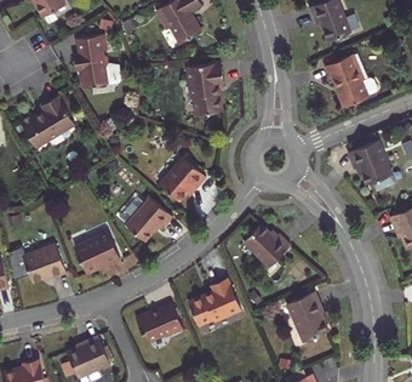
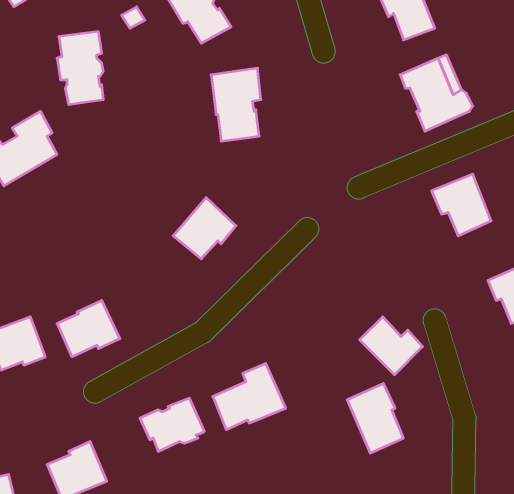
building: [126,198,172,241] -> none
building: [244,224,290,267] -> [360,317,423,375]

